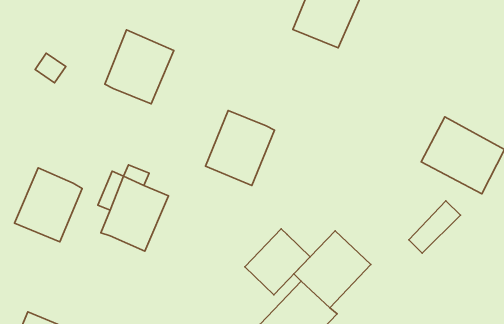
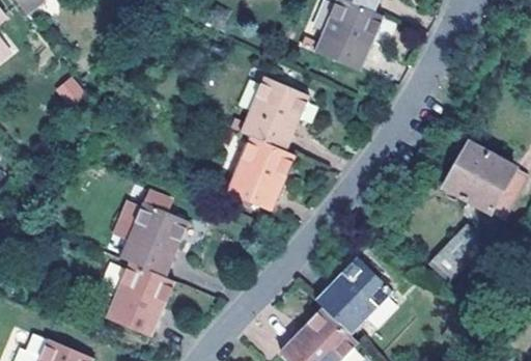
building: [105,30,174,104] -> [240,76,309,150]
building: [14,168,82,242] -> [105,261,173,336]
building: [245,229,310,295] -> none

